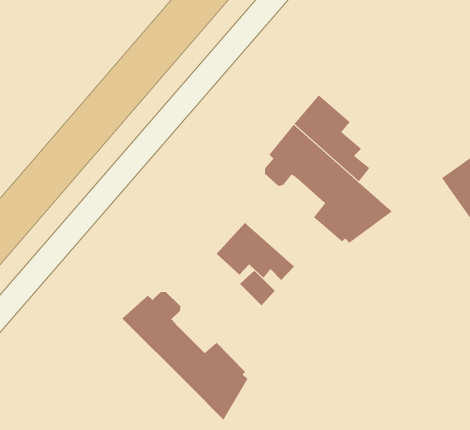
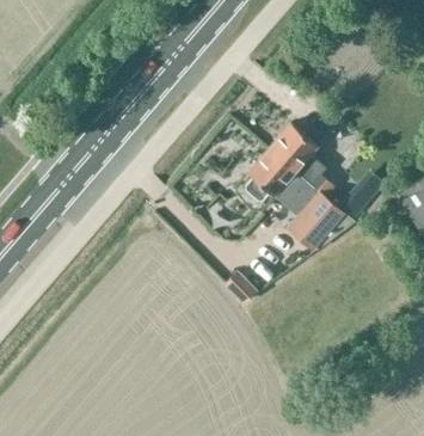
building: [216,222,295,281] -> none
building: [122,291,248,421] -> none

